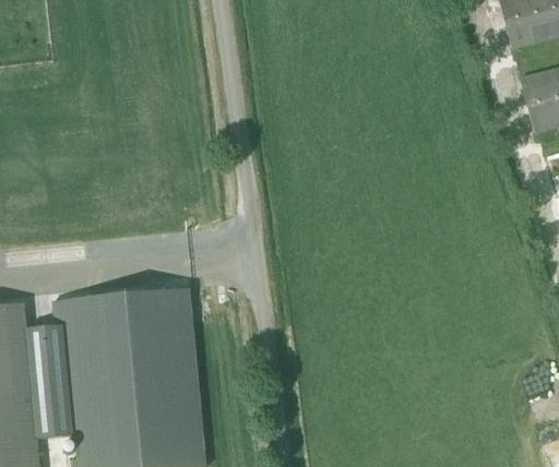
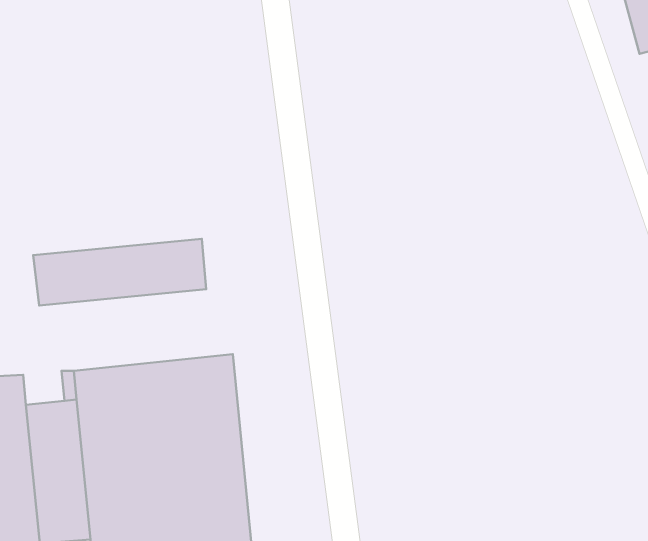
building: none -> [33,239,206,305]

